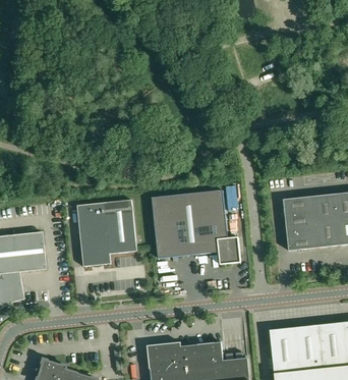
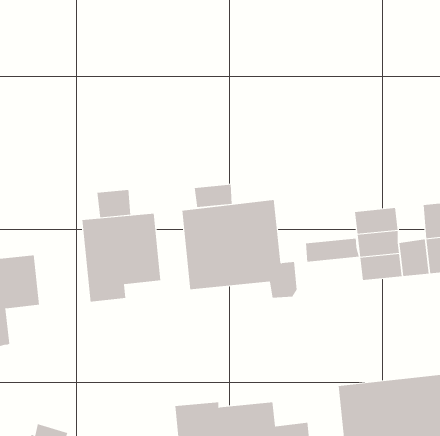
building: none -> [194,184,232,208]
building: none -> [97,189,131,218]
building: [313,194,336,222] -> none
building: none -> [305,238,359,262]

